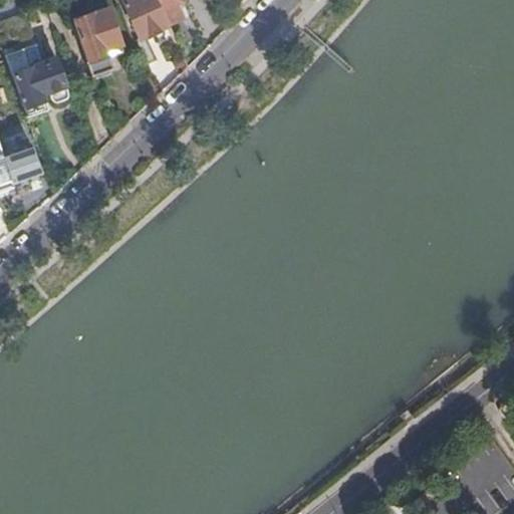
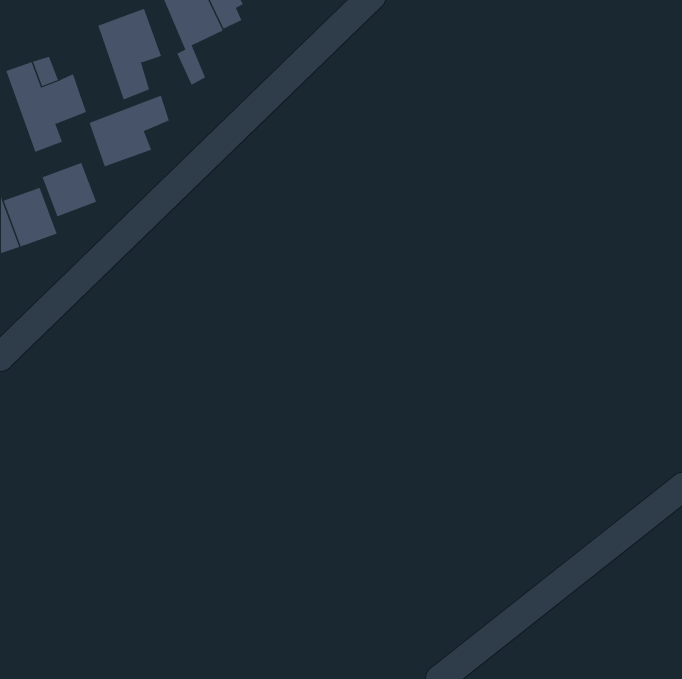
building: none -> [89,95,170,167]
building: none -> [42,162,97,217]

